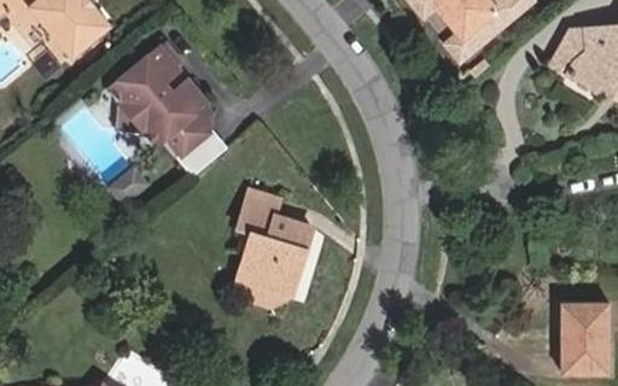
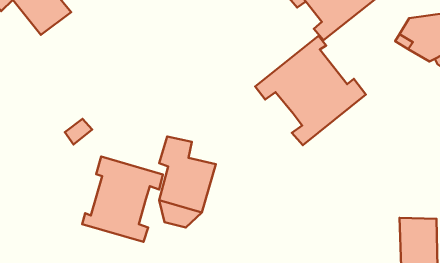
building: [115,46,204,156] -> none
building: none -> [255,36,366,145]
building: none -> [82,157,163,242]

